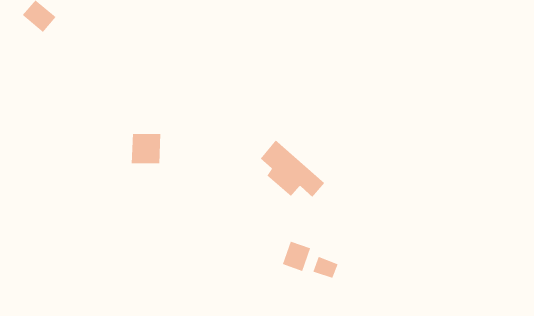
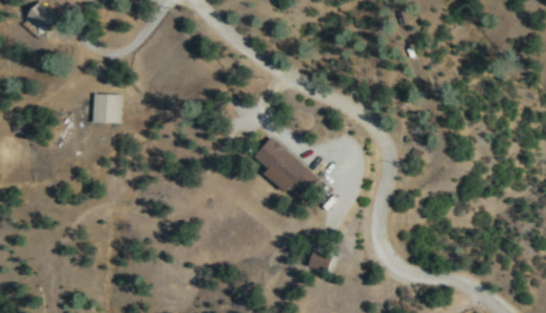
building: [131,133,161,164] -> [91,93,120,122]
building: [282,241,311,272] -> none

